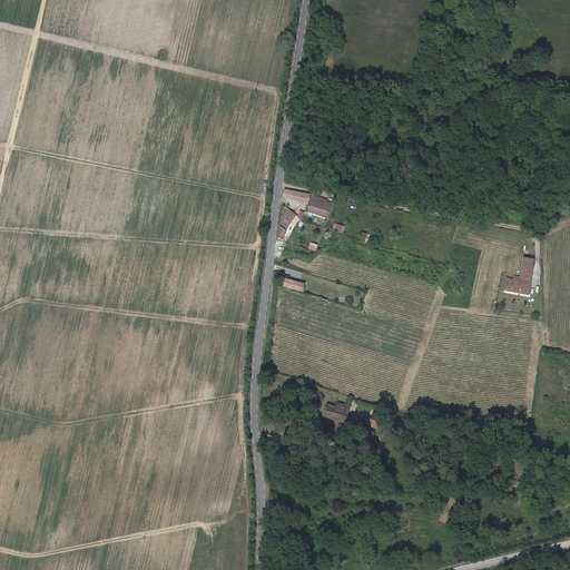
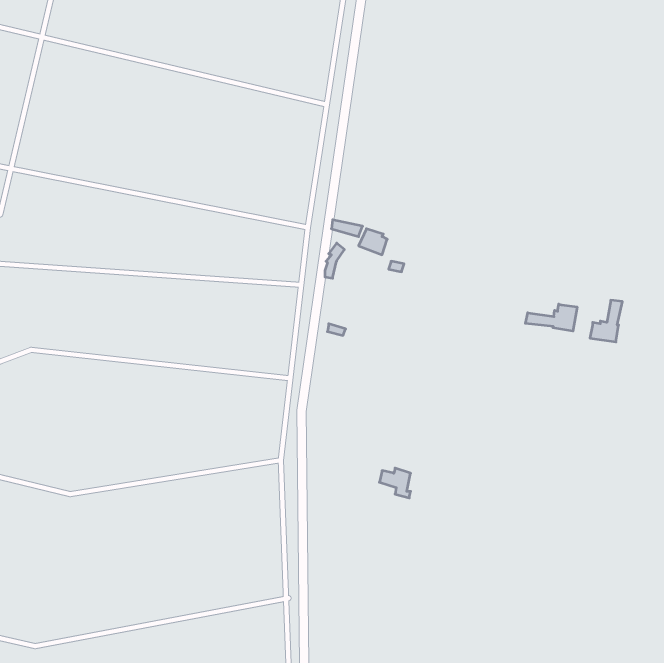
building: none -> [525,304,577,331]

